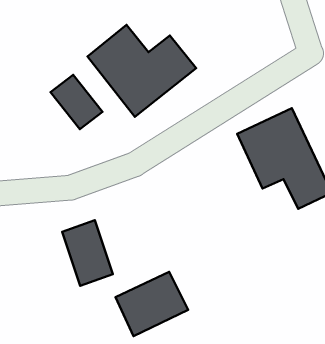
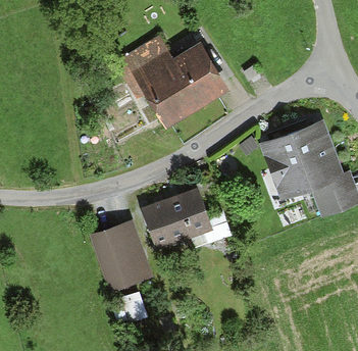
building: [51,75,103,129] -> none
building: [115,272,188,336] -> [143,187,213,249]

